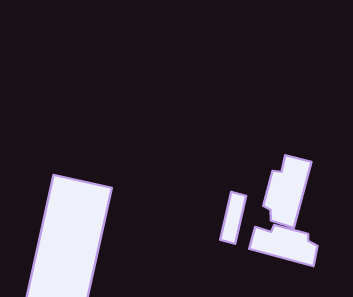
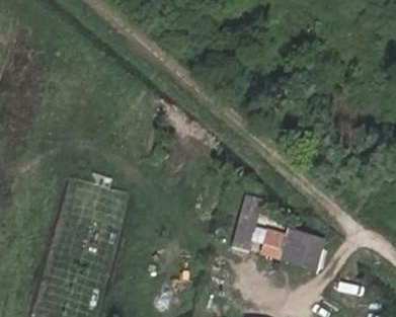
building: [263,155,311,228] -> none

